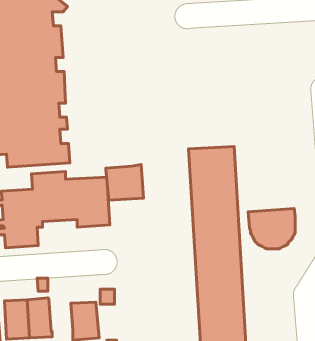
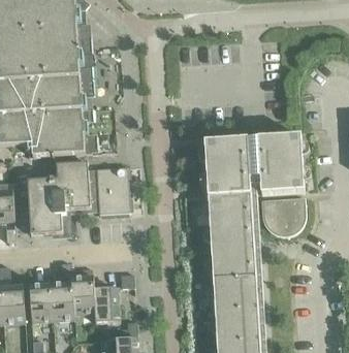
building: none -> [258,136,305,195]
building: [106,165,143,200] -> none
building: none -> [71,277,95,315]

